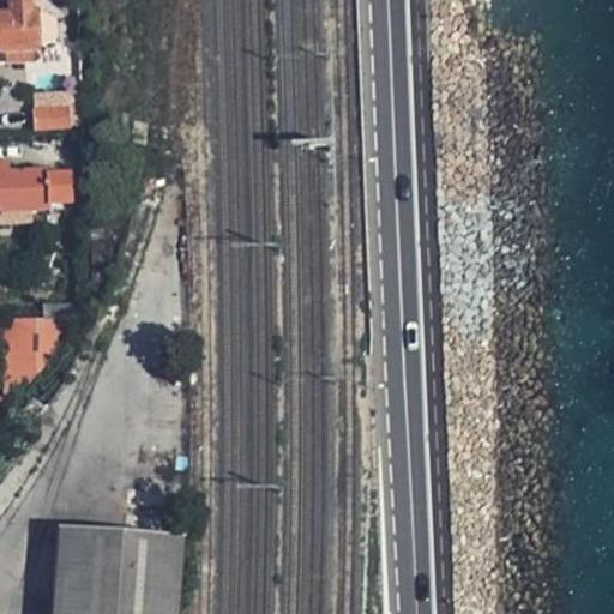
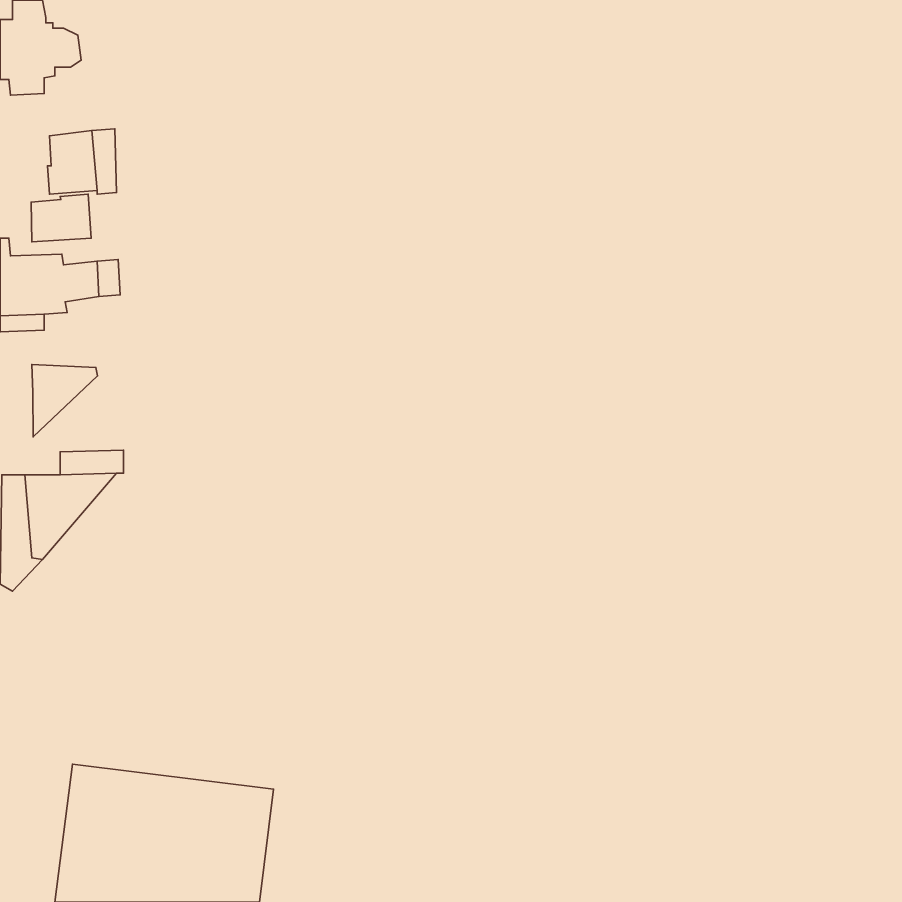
building: none -> [31,194,91,242]
building: none -> [32,364,98,437]

